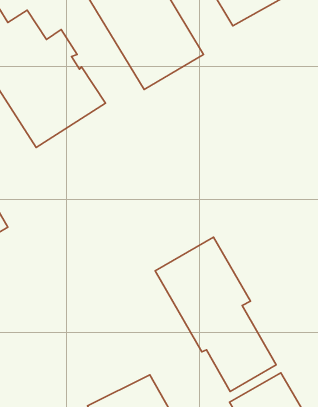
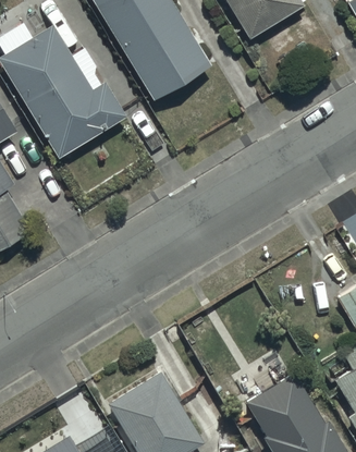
building: [155,237,276,391] -> none

